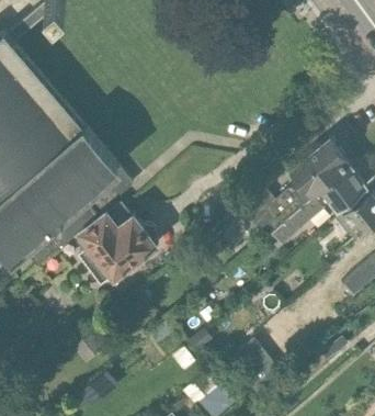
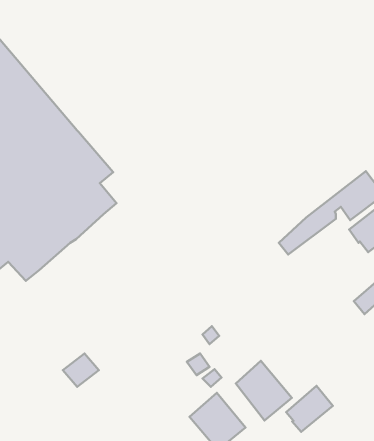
building: [240,138,351,243] -> none
building: [79,203,160,284] -> none
building: none -> [286,386,333,432]

